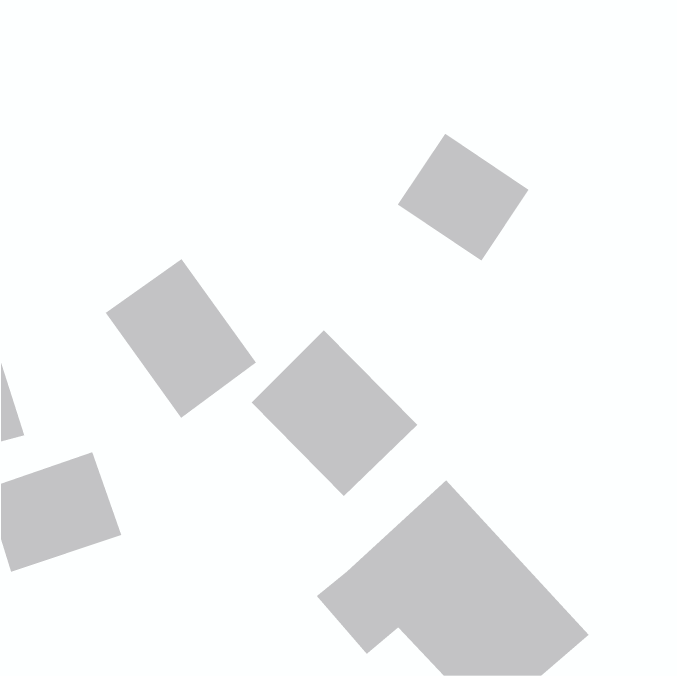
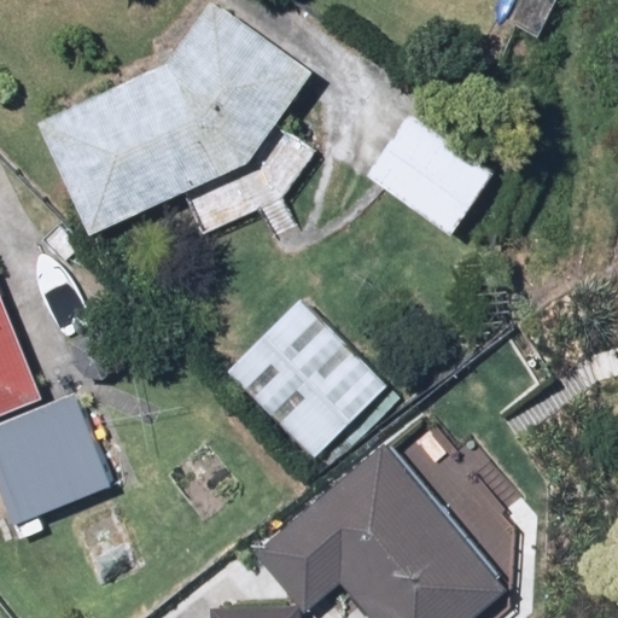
building: none -> [36,5,308,231]
building: [105,258,257,419] -> none

